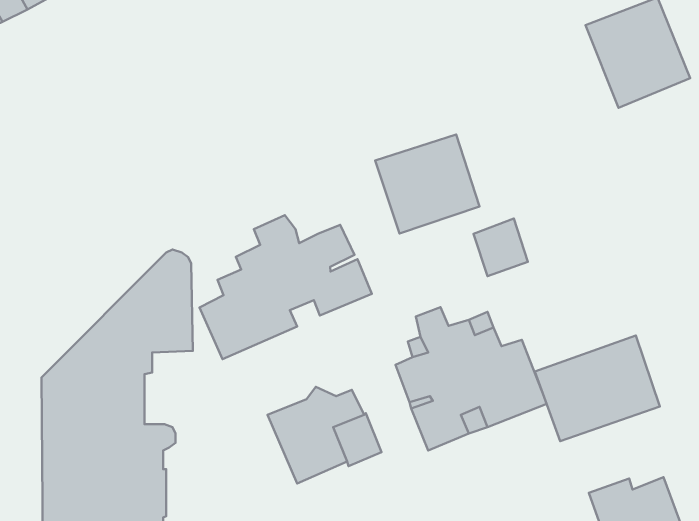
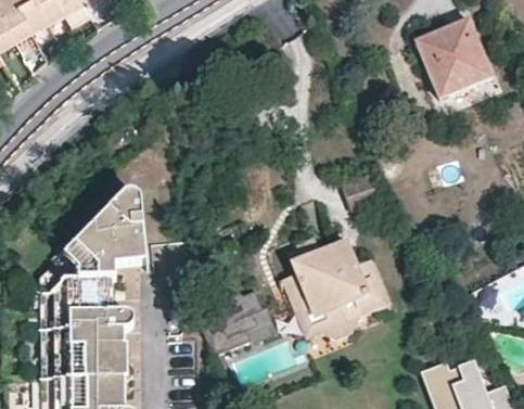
building: [375,134,480,234] -> none
building: [199,215,372,359] -> none
building: [535,336,660,441] -> none

